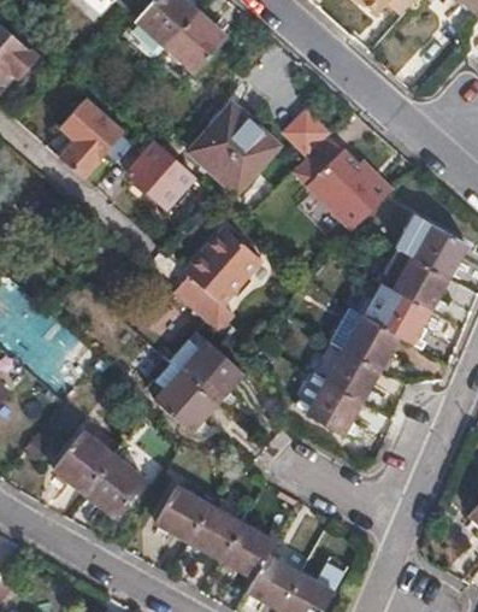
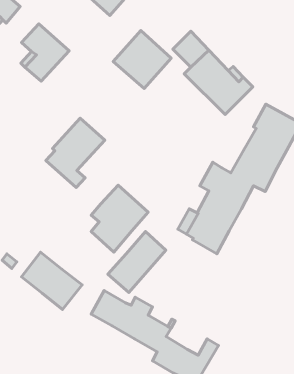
building: [129,142,194,206] -> none
building: [175,230,261,333] -> [46,118,105,188]
building: none -> [108,231,166,293]

